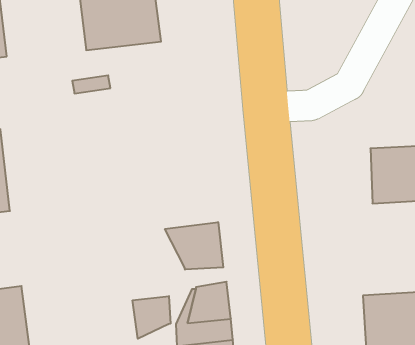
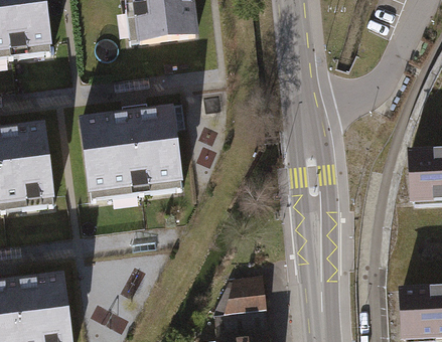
building: none -> [81,111,186,200]
building: [165,222,223,270] -> none
building: [133,296,170,339] -> none

